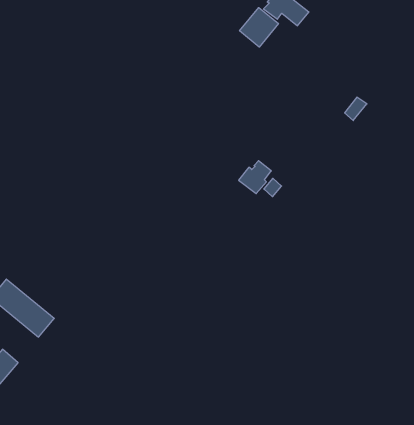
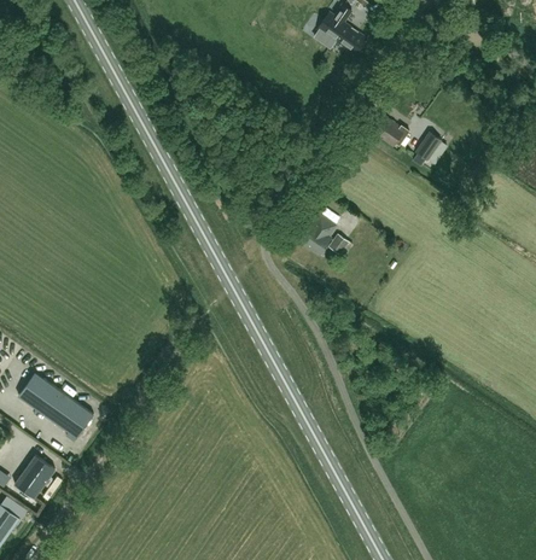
building: [240,8,278,47] -> none
building: none -> [373,116,409,147]

